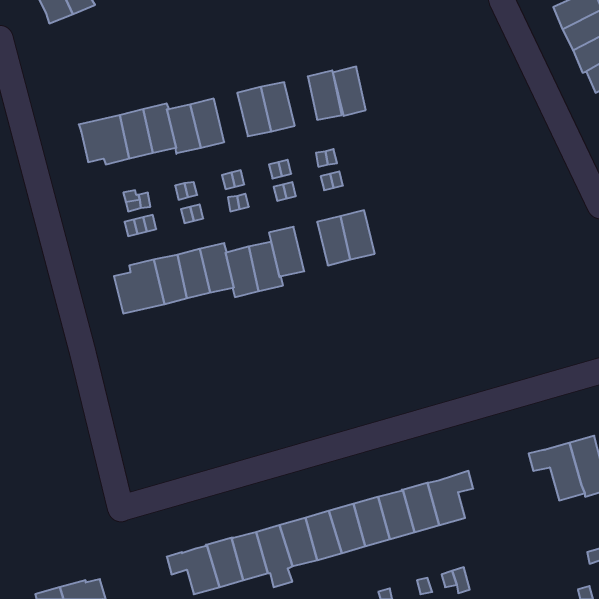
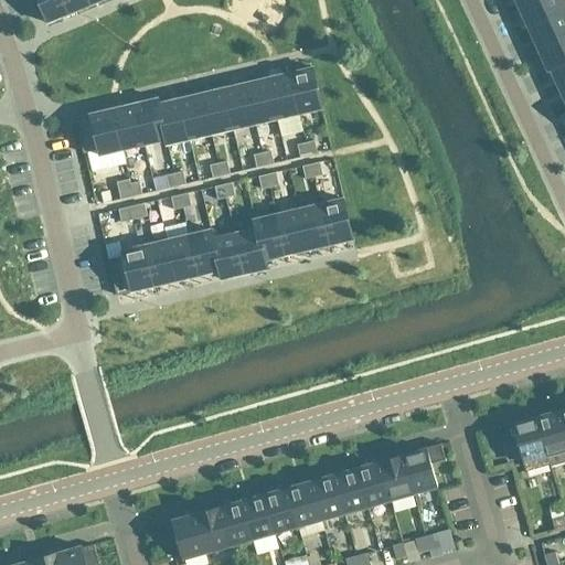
building: [333,67,366,116] -> [268,72,299,118]
building: none -> [202,87,234,134]
building: none -> [277,209,309,255]

